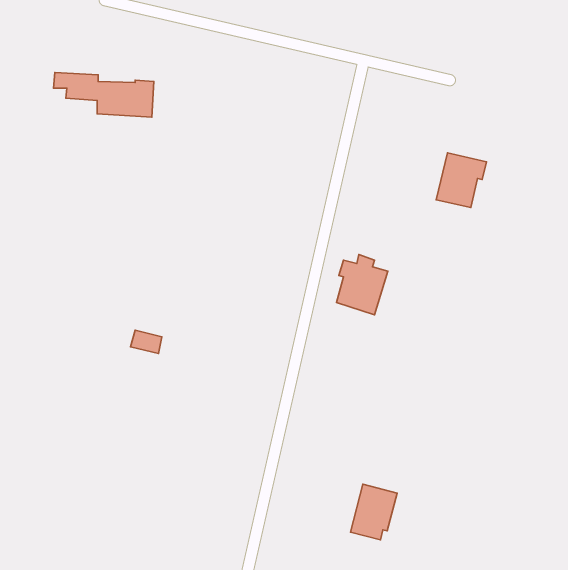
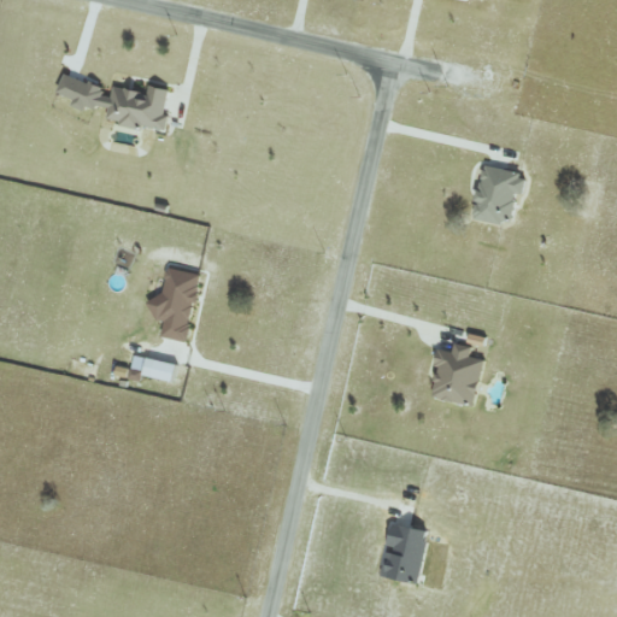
building: none -> [151,266,200,342]
building: [337,254,388,315] -> [429,342,484,407]

